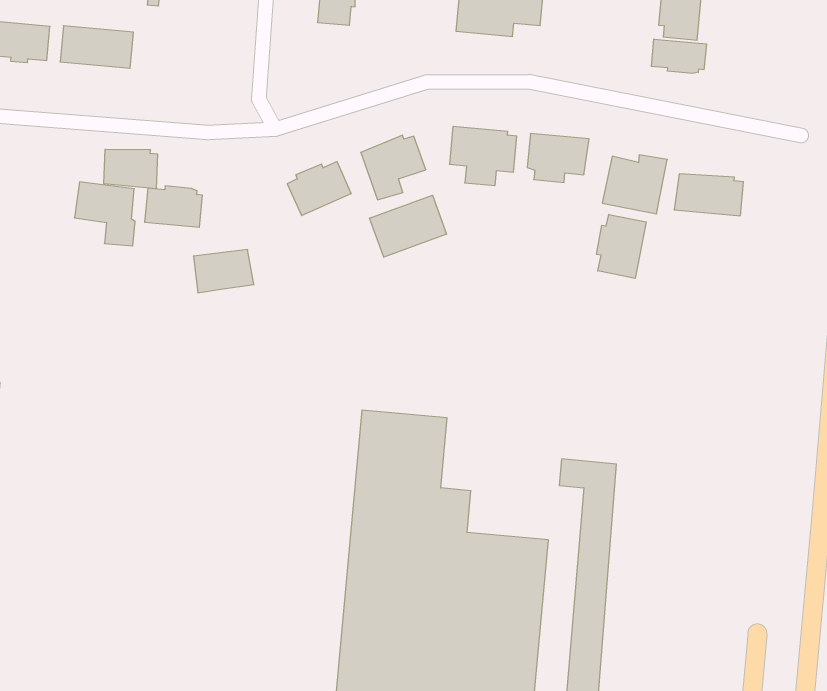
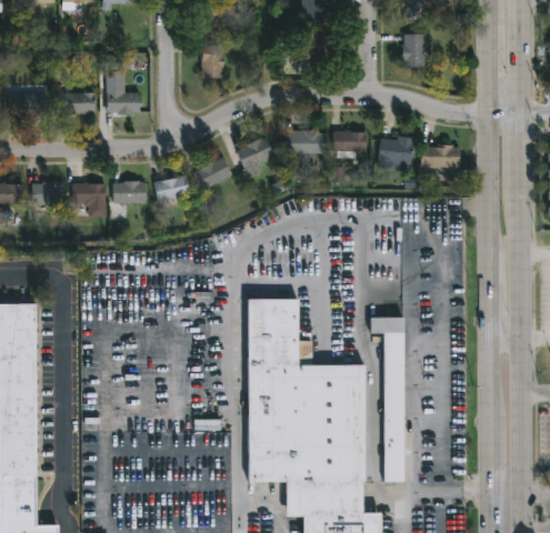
building: none -> [107,91,138,114]
building: [651,39,706,73] -> none
building: [104,149,158,188] -> [31,181,63,203]
building: [369,195,447,257] -> none
building: [596,214,646,278] -> none
building: [193,250,254,293] -> [153,174,190,202]

